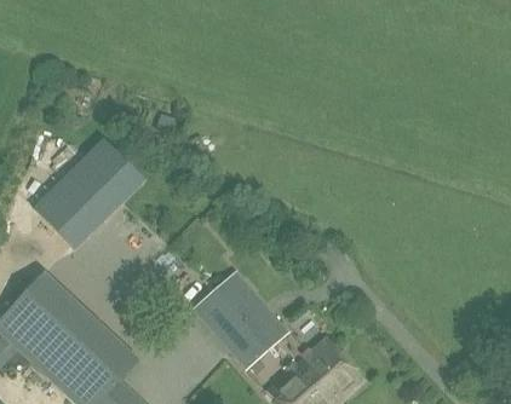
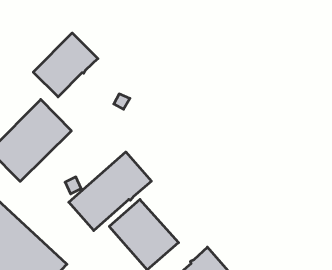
building: none -> [33,33,98,97]
building: none -> [69,152,151,231]

